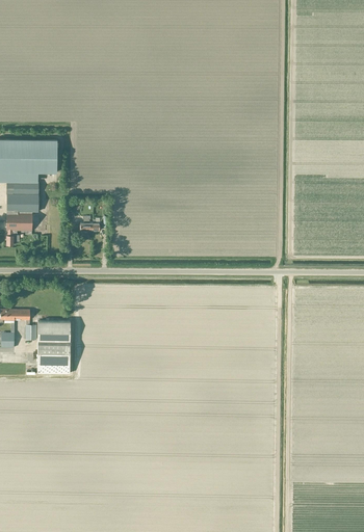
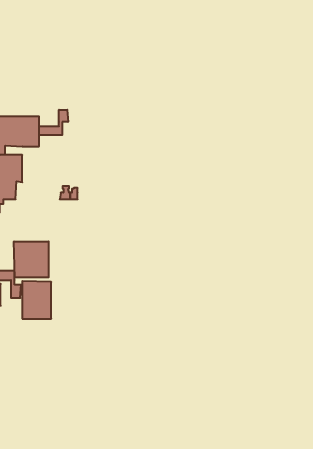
building: none -> [39,110,68,135]
building: none -> [14,241,49,277]

